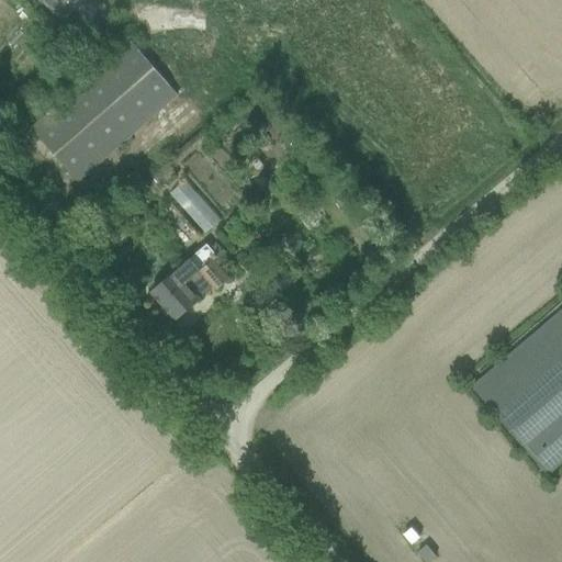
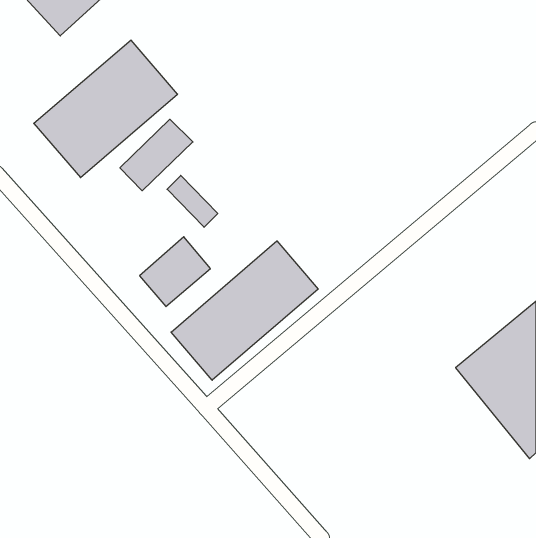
building: none -> [120,119,193,191]
building: none -> [171,241,318,380]

